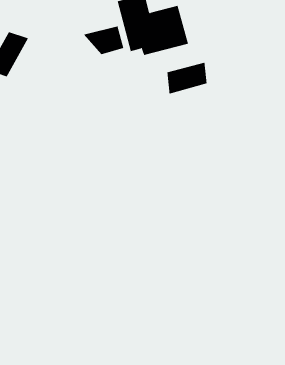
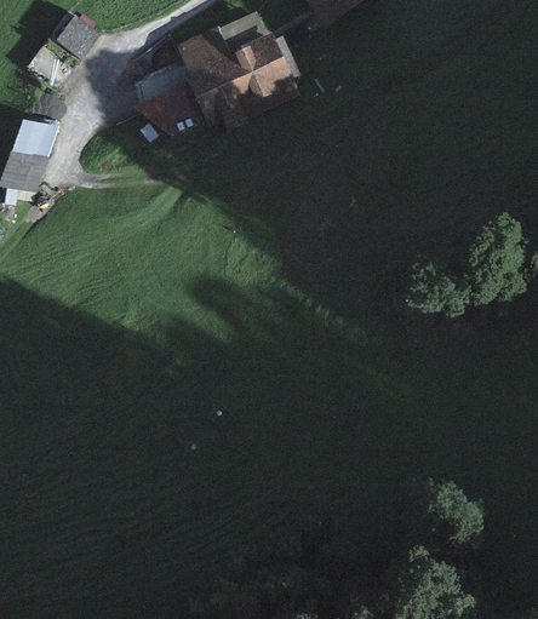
building: [167,62,207,95] -> none

